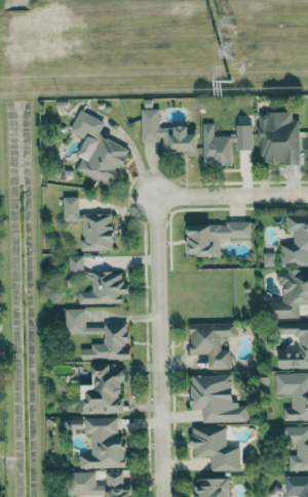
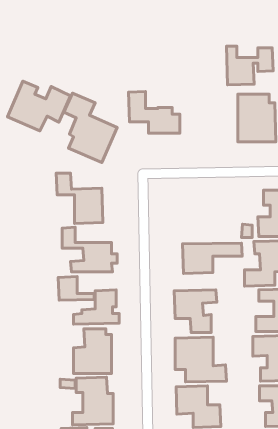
building: none -> [7,81,70,131]
building: [202,124,253,166] -> [226,46,273,85]
building: [187,224,252,257] -> [182,243,242,273]

